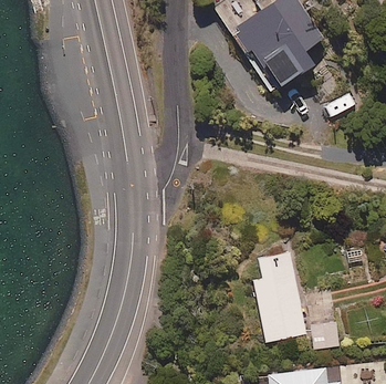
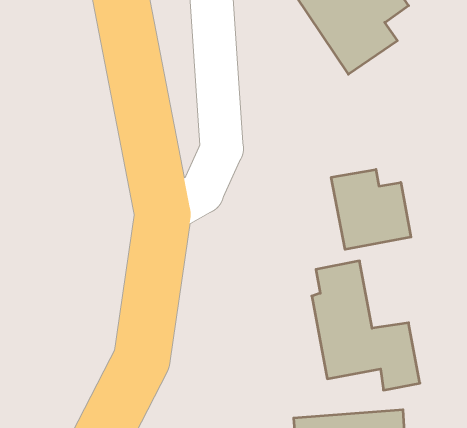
building: none -> [331,169,411,249]

